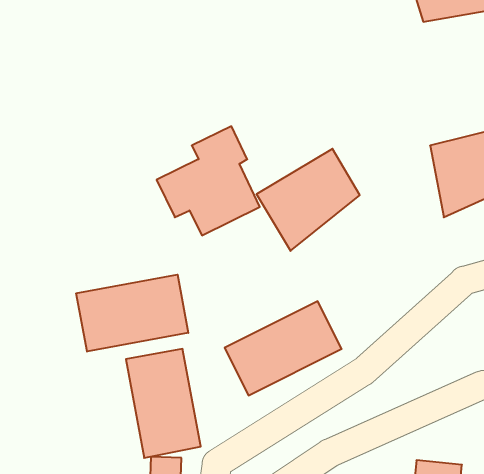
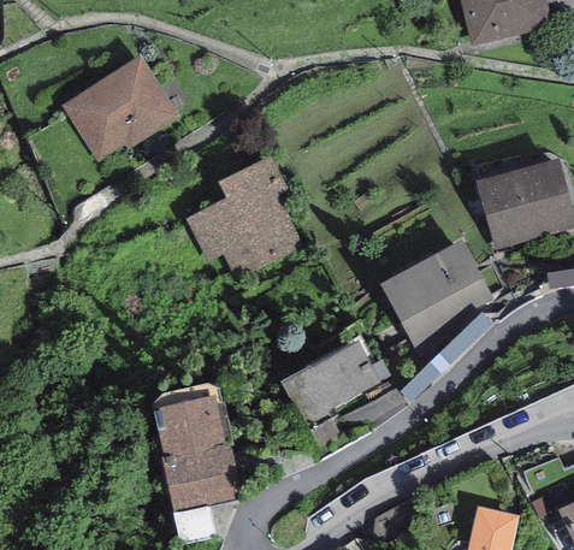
building: none -> [66,57,173,156]
building: [256,149,360,251] -> [379,238,489,347]
building: [76,275,188,352] -> none

